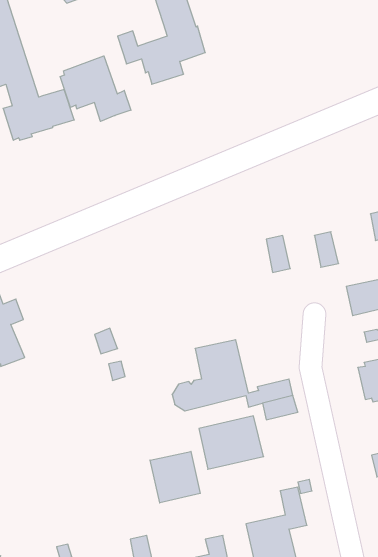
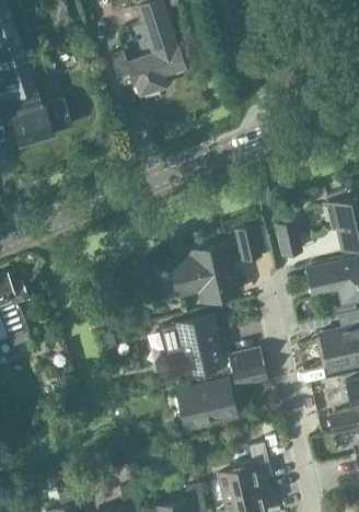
building: [60,56,131,121] -> none
building: none -> [170,244,236,301]
building: [150,451,200,503] -> none

